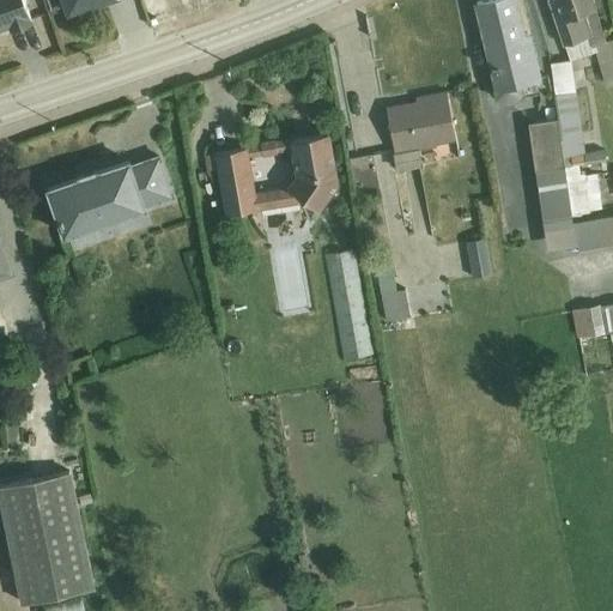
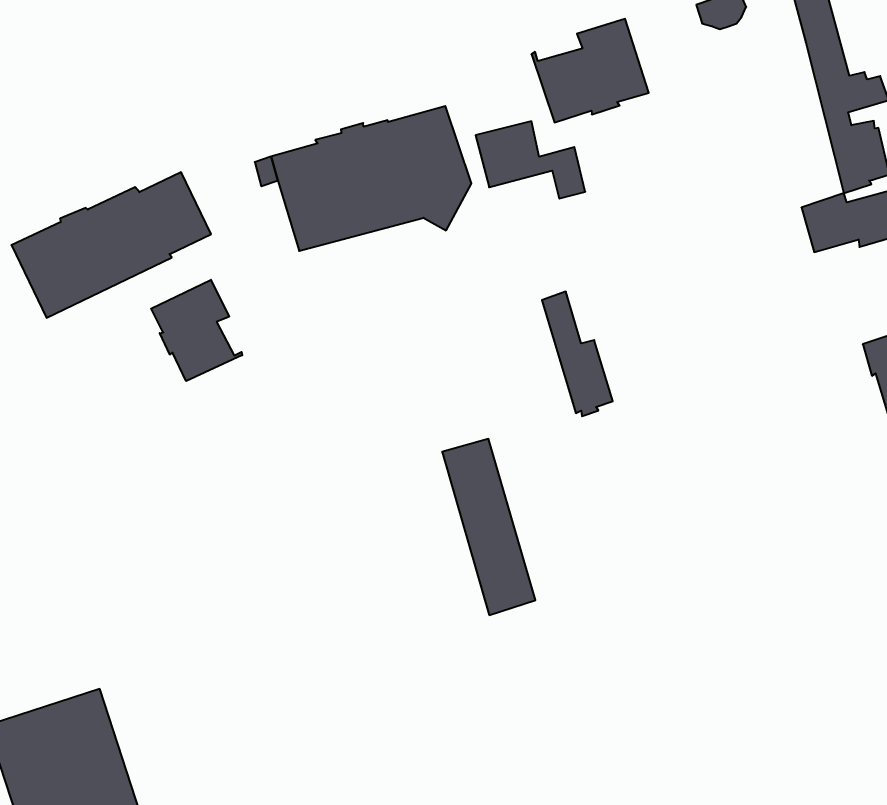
building: [527,121,571,224] -> none
building: none -> [151,280,242,381]
building: [466,241,492,279] -> none
building: [324,254,372,364] -> [442,439,535,615]

